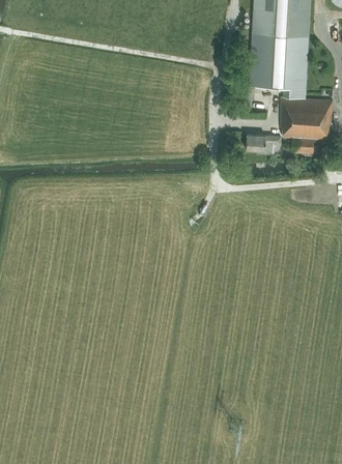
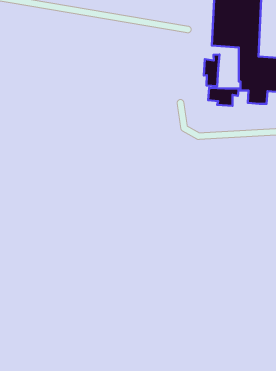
building: none -> [204,55,220,86]

